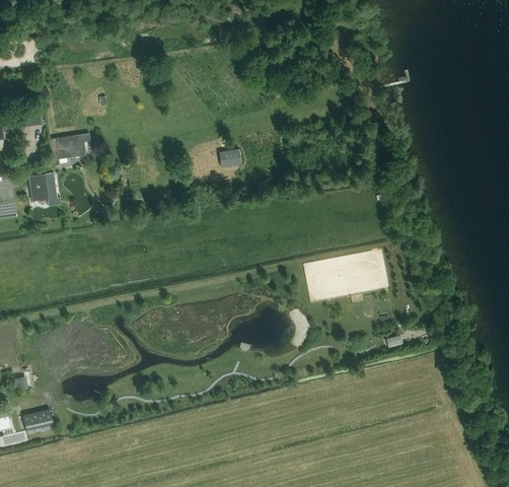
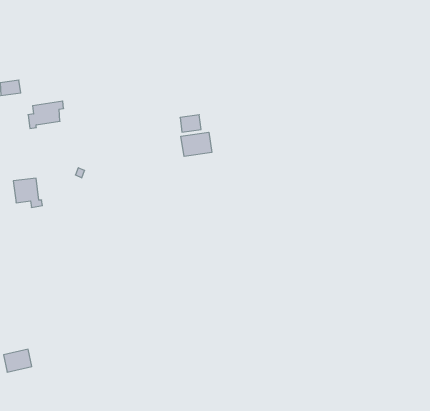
building: none -> [181,132,212,156]
building: [28,172,61,205] -> [13,178,42,207]

